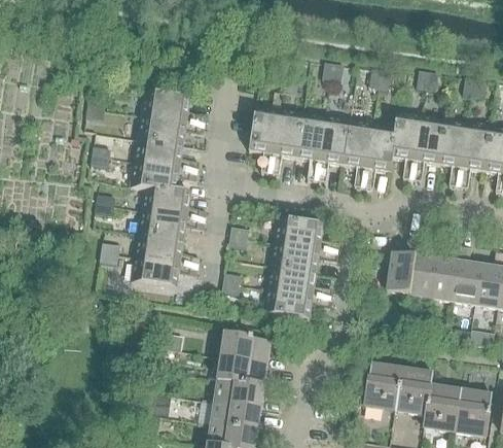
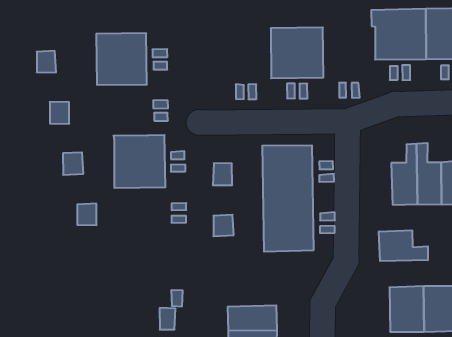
building: [249,105,303,158] -> none
building: [344,119,398,172] -> none
building: [131,137,183,191] -> none
building: [131,233,184,287] -> none
building: none -> [379,230,428,261]
building: [222,335,270,364] -> none

